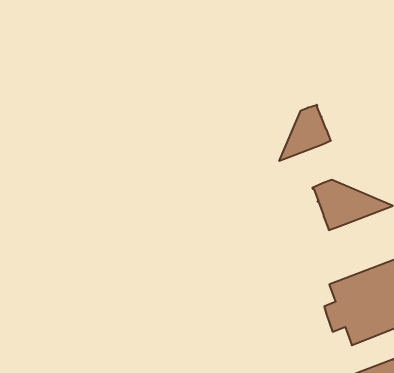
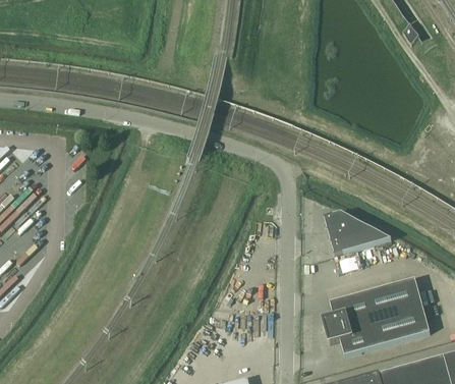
building: [279,105,331,161] -> none

